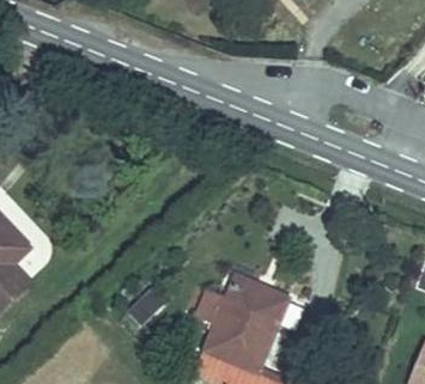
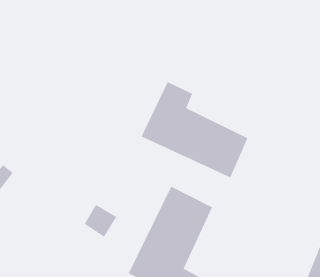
building: none -> [141,81,248,178]

